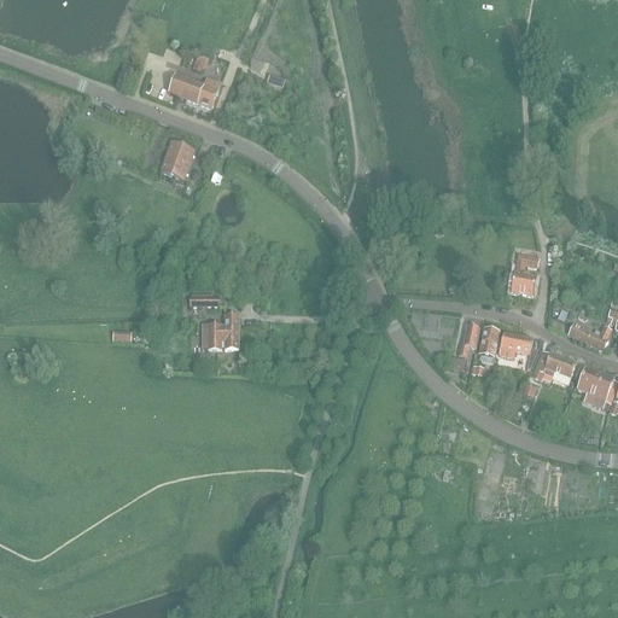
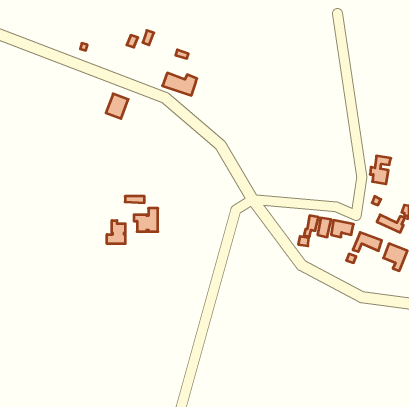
building: [168,74,220,107] -> [162,73,197,95]
building: [507,253,538,296] -> [370,156,391,184]
building: none -> [107,220,125,244]

